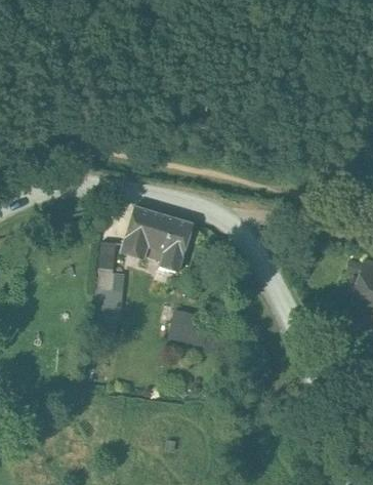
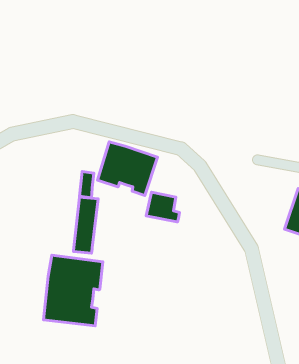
building: [167,308,207,343] -> [146,192,179,222]
building: none -> [44,255,103,326]

